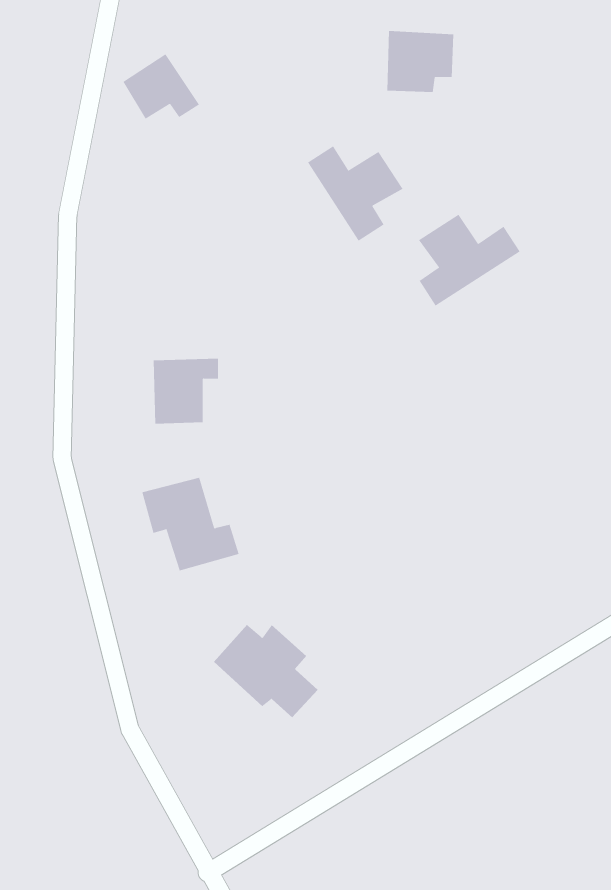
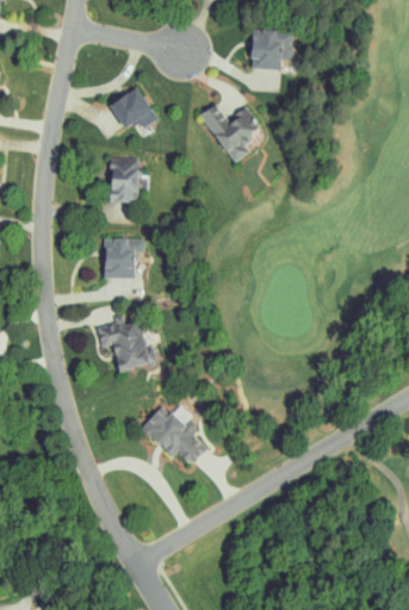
building: [122,54,200,120] -> [109,87,157,129]
building: [418,214,520,307] -> none
building: none -> [107,158,138,203]

